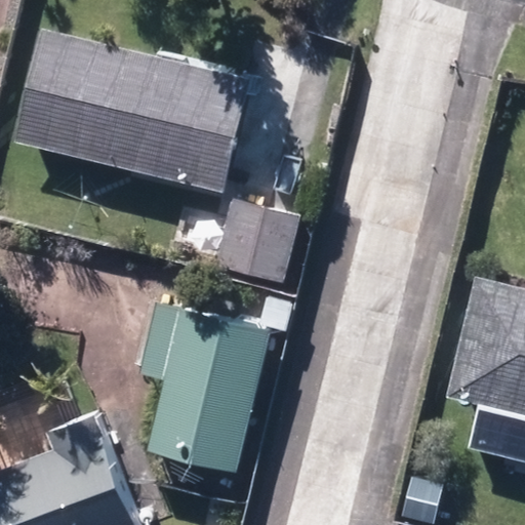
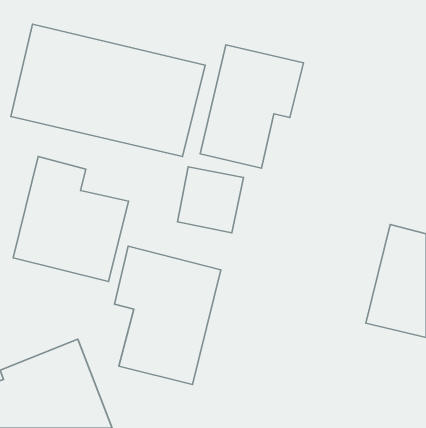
building: none -> [200,45,304,168]
building: none -> [13,156,128,282]

